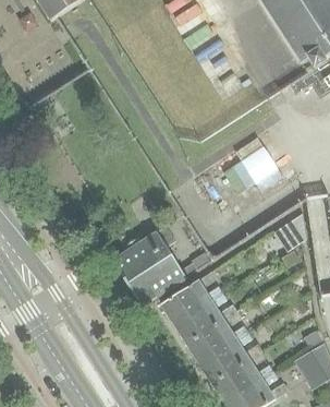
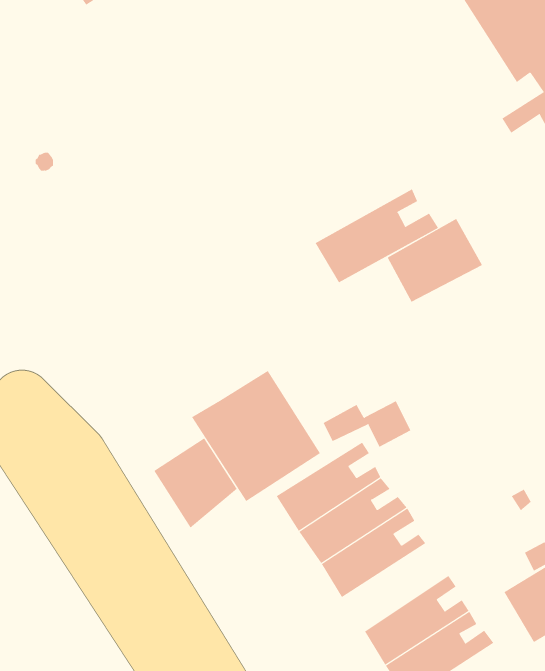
building: none -> [315,189,439,283]
building: none -> [153,437,237,529]
building: [198,330,260,381] -> none

